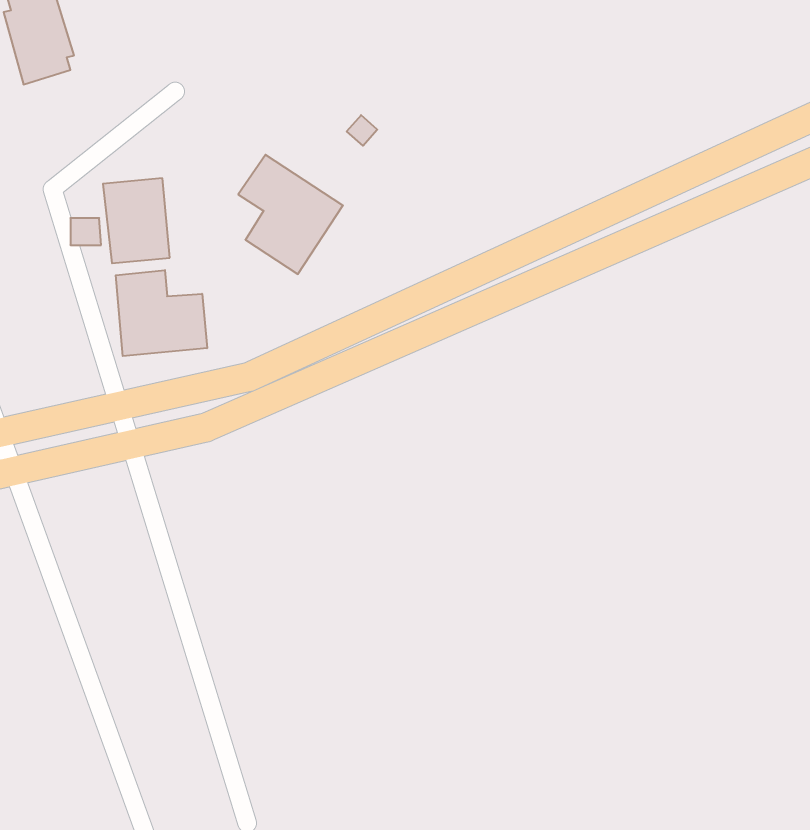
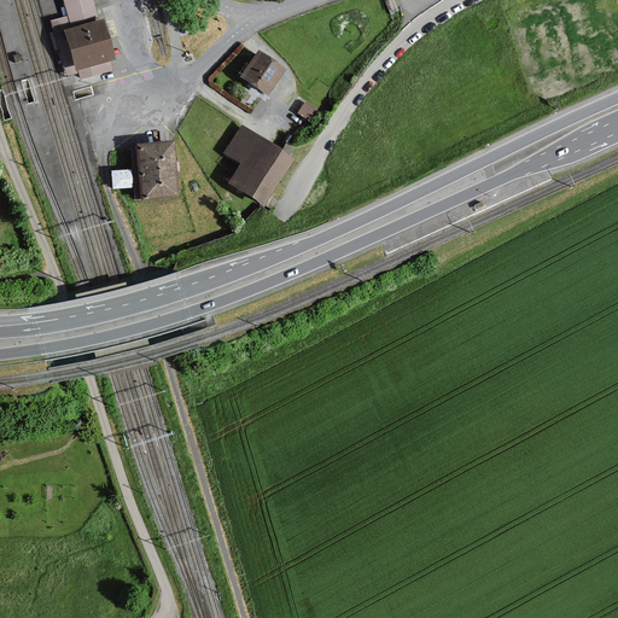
building: none -> [239,49,281,92]
building: [116,270,207,356] -> none

